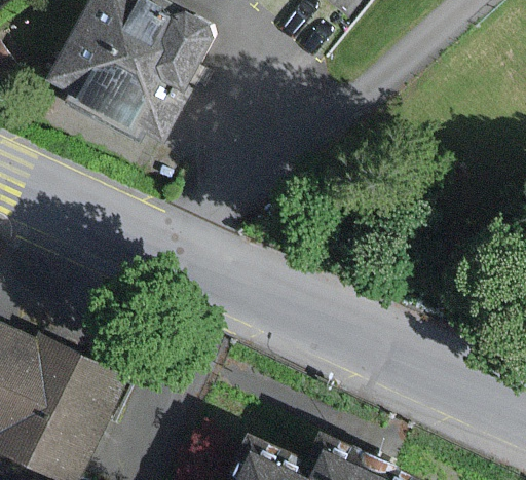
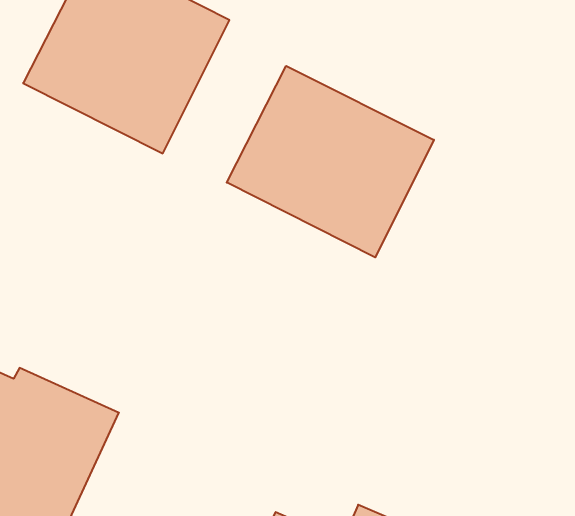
building: none -> [227,66,434,257]

